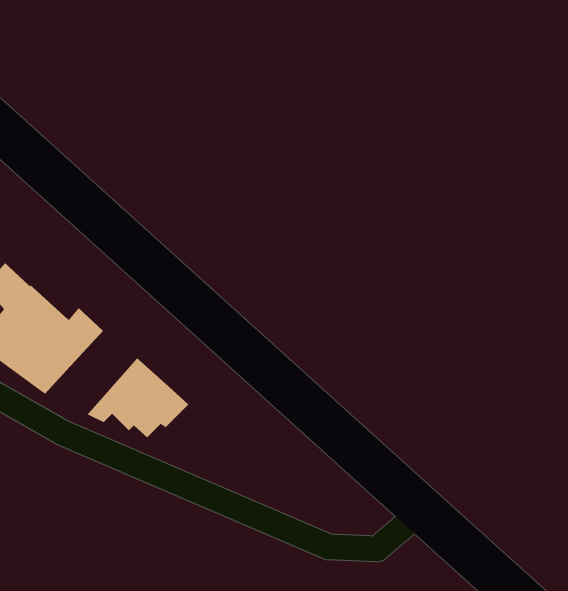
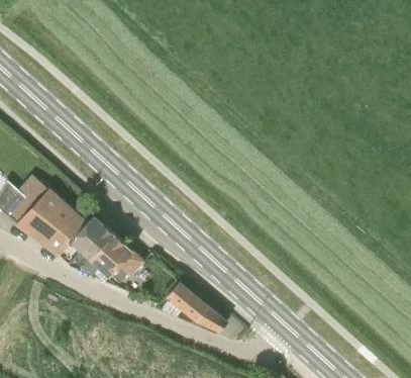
building: none -> [68,215,112,271]
building: none -> [166,282,225,330]

